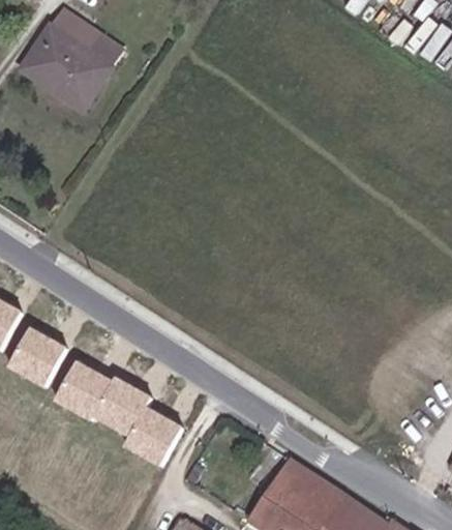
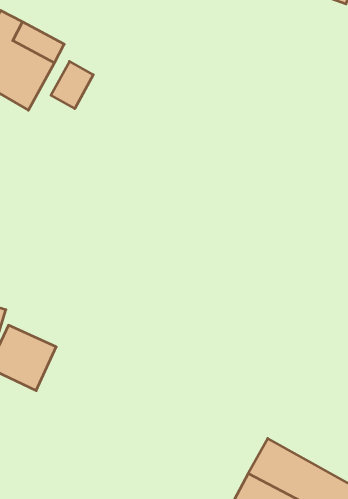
building: none -> [51,61,93,109]
building: [65,360,200,470] -> none

